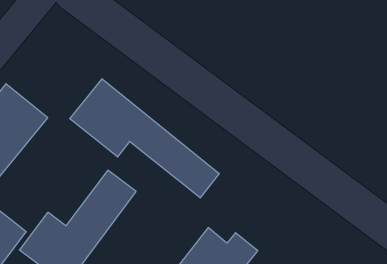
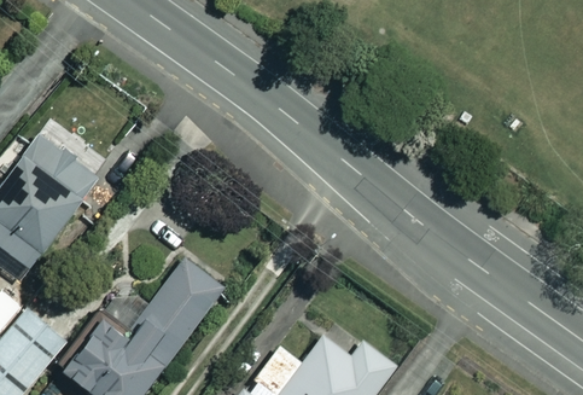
building: [70,79,219,198] -> none

